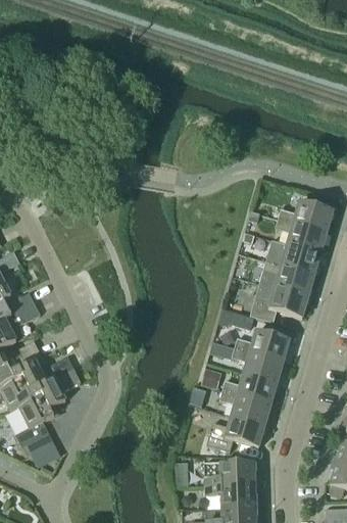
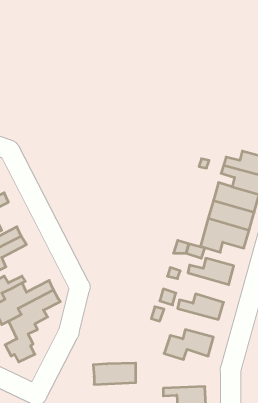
building: [232,347,284,383] -> none
building: [219,390,271,425] -> none
building: [204,461,255,486] -> [93,363,136,384]

